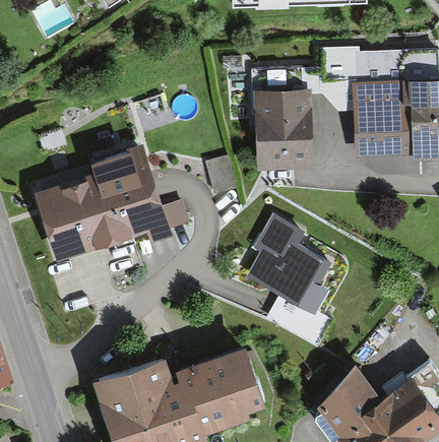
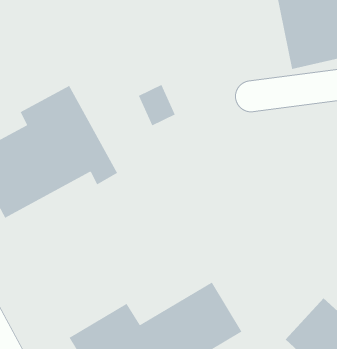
building: [253,88,312,161] -> none
building: [250,213,330,309] -> none

